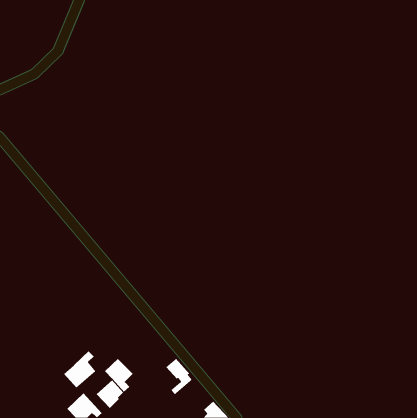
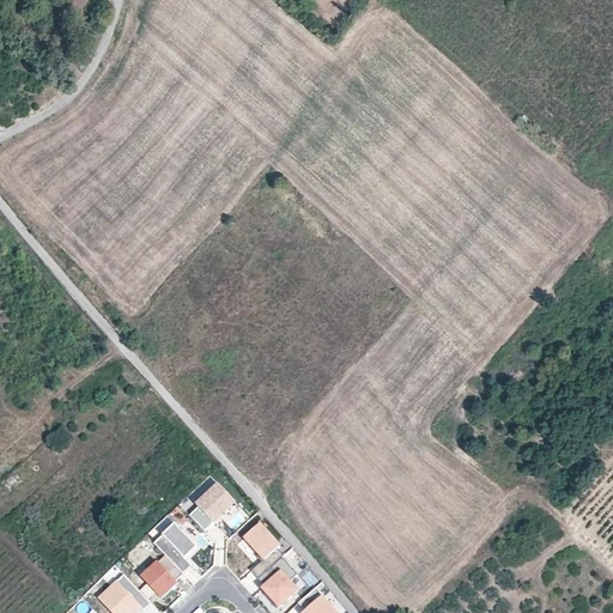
building: none -> [188,484,233,530]
building: [63,350,96,388] -> none
building: none -> [255,557,292,601]

